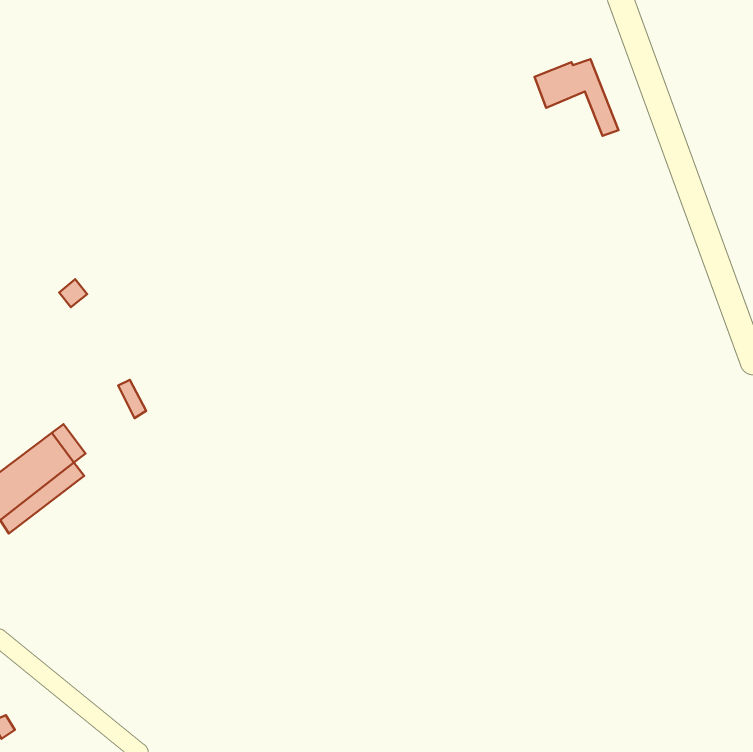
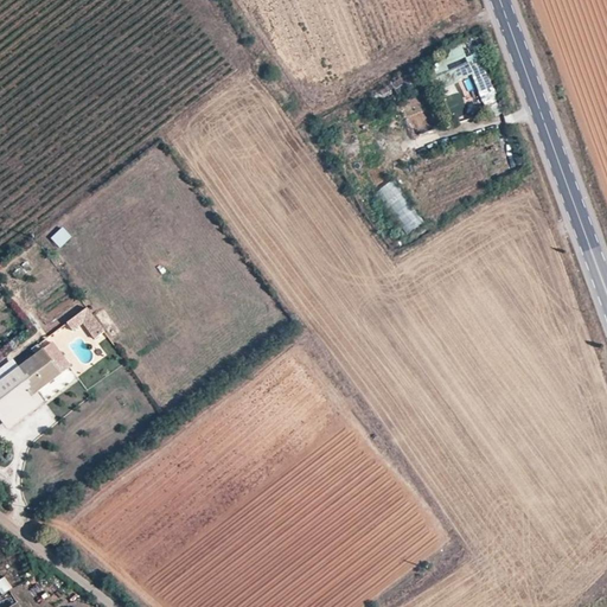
building: none -> [65,306,103,338]

